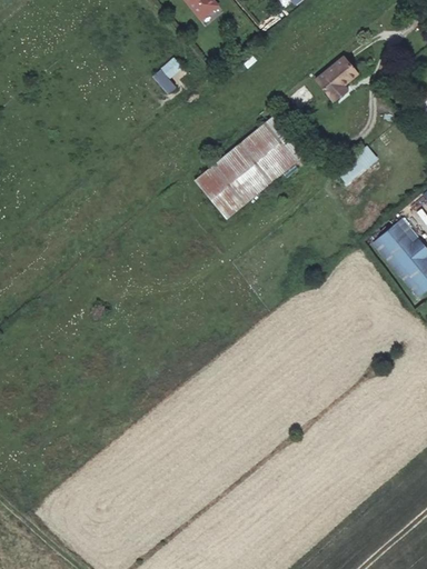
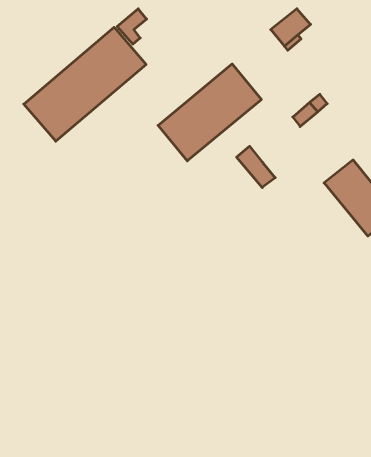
building: none -> [24,27,146,141]
building: none -> [237,146,275,188]

